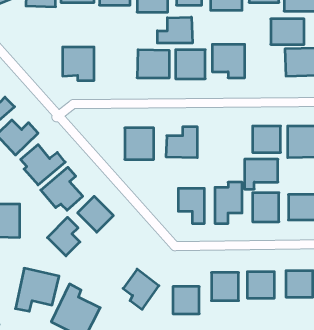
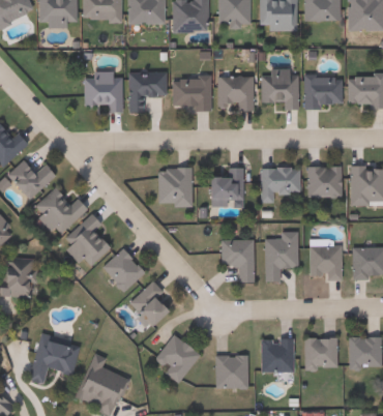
building: [157,17,192,43] -> none
building: [271,19,304,44] -> [304,76,344,106]
building: none -> [128,72,168,112]
building: [245,159,278,189] -> [261,166,300,201]
building: [47,217,80,256] -> [129,279,168,325]

